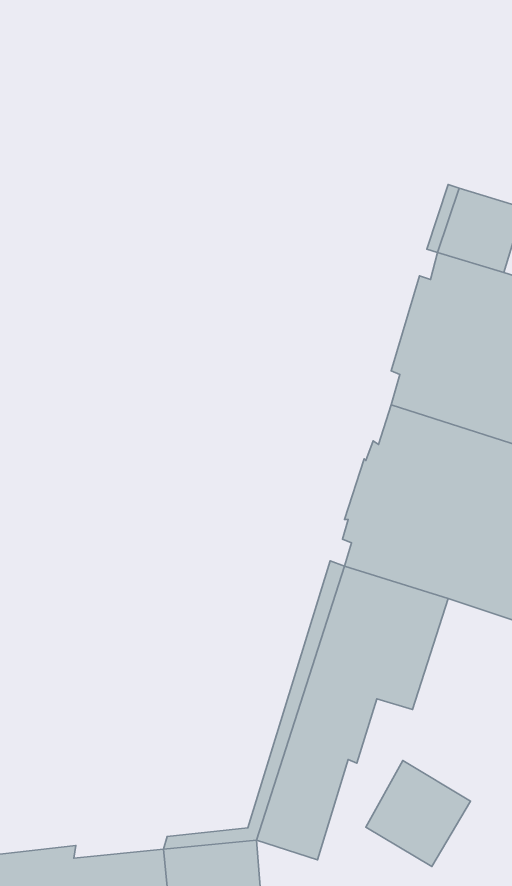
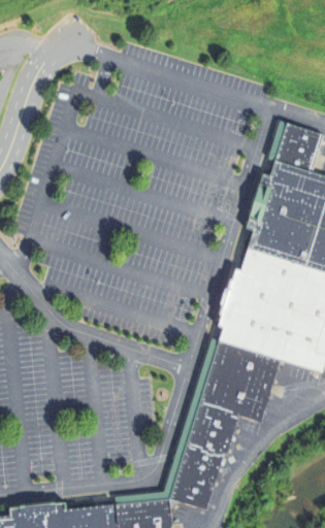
building: [366,761,470,866] -> none

